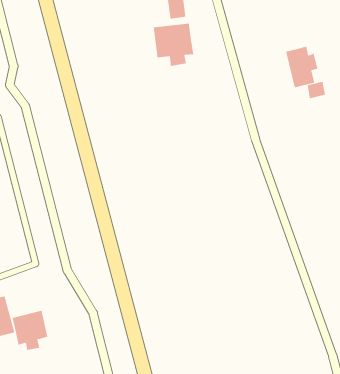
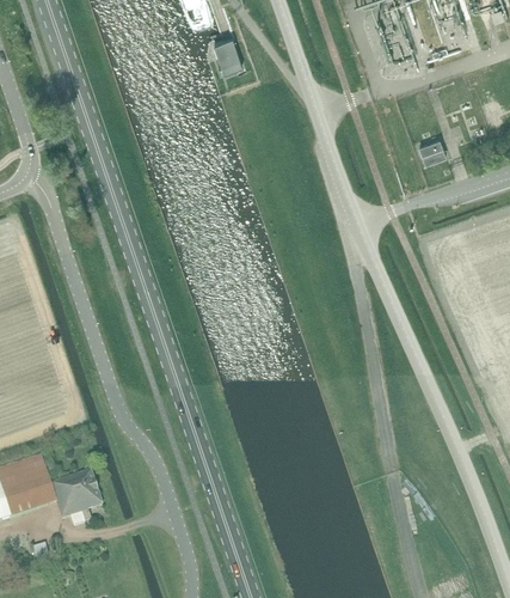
building: [153,23,194,67] -> none
building: [286,46,318,88] -> none

